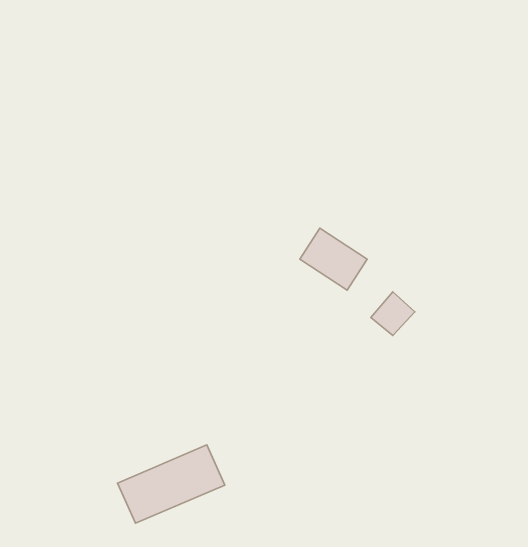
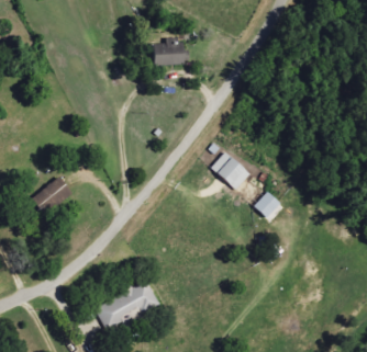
building: none -> [155,38,187,65]
building: none -> [32,177,74,215]

